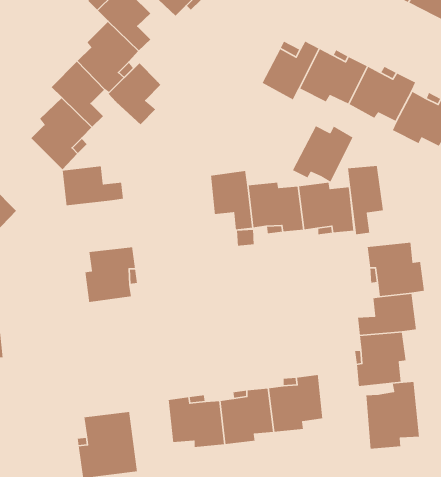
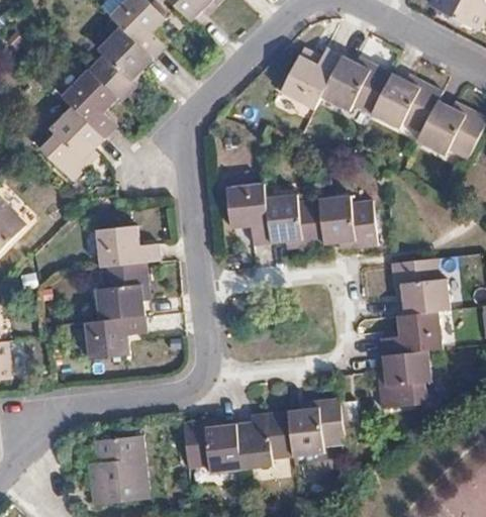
building: [108,63,161,125] -> none
building: [292,125,354,183] -> none
building: [347,165,384,235] -> none
building: [62,165,124,206] -> [95,225,160,268]
building: none -> [84,315,147,360]
building: [365,381,420,450] -> none

